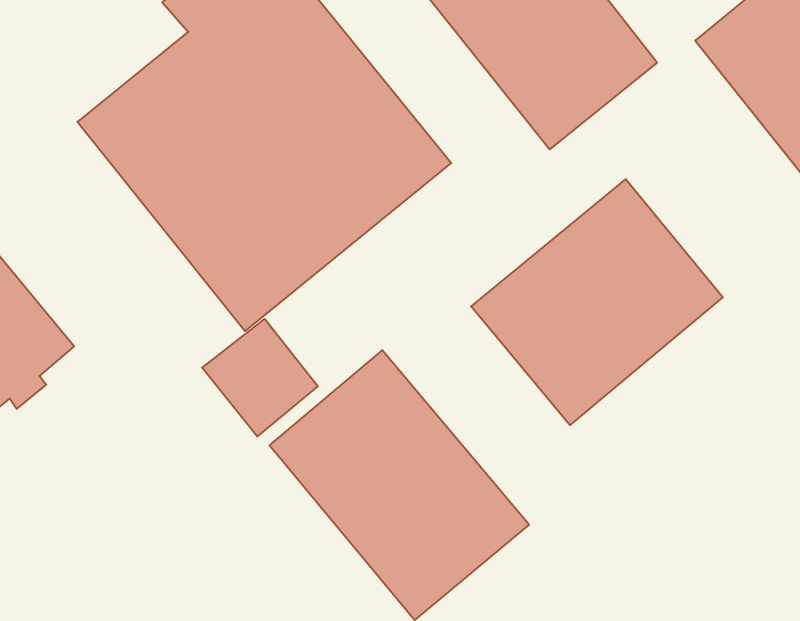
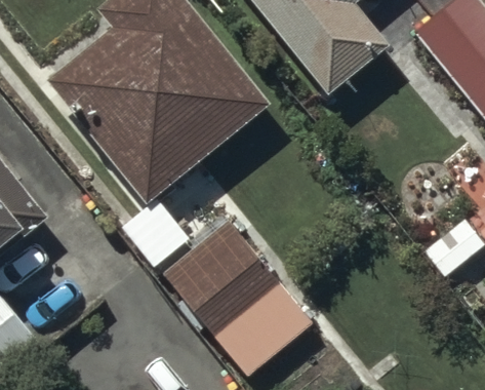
building: [471,179,723,425] -> none

